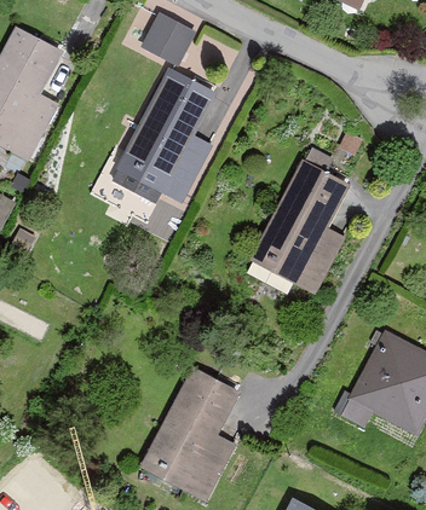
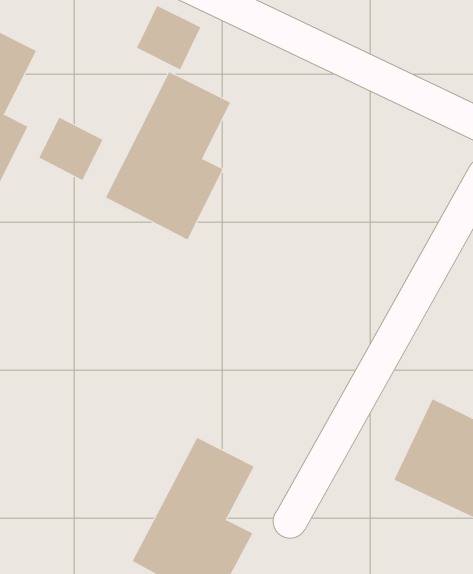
building: none -> [39,117,103,181]
building: [248,158,350,296] -> none

